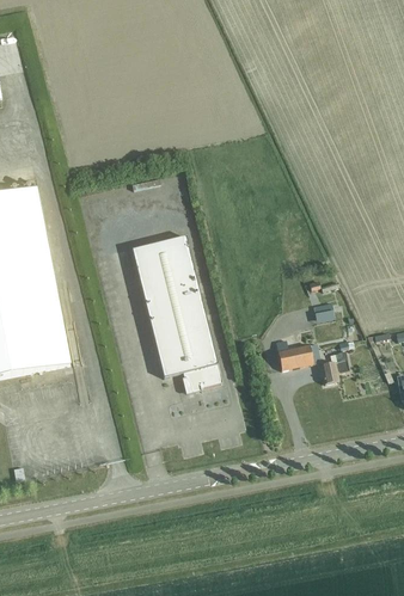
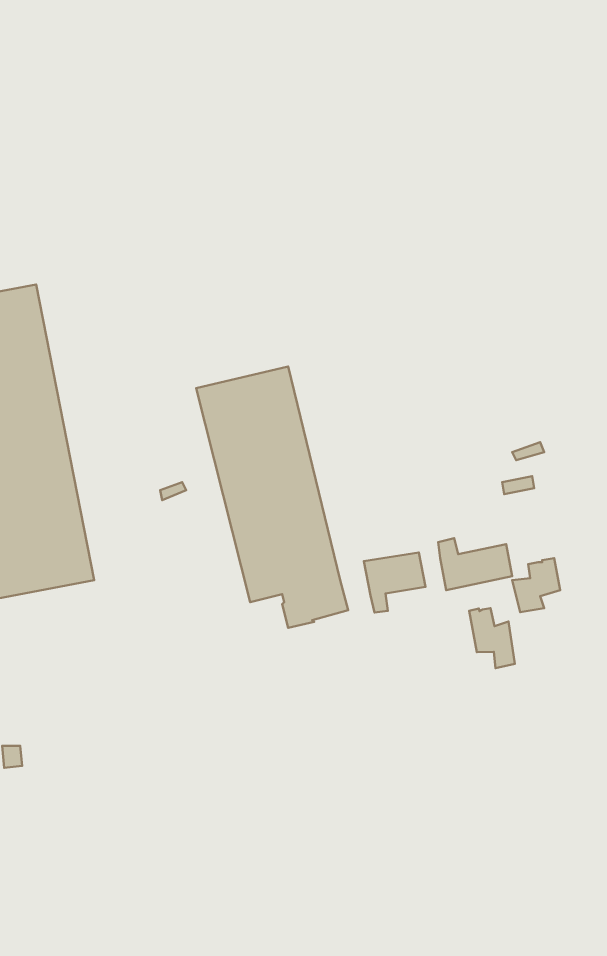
building: none -> [364,553,425,612]
building: none -> [469,608,515,668]

